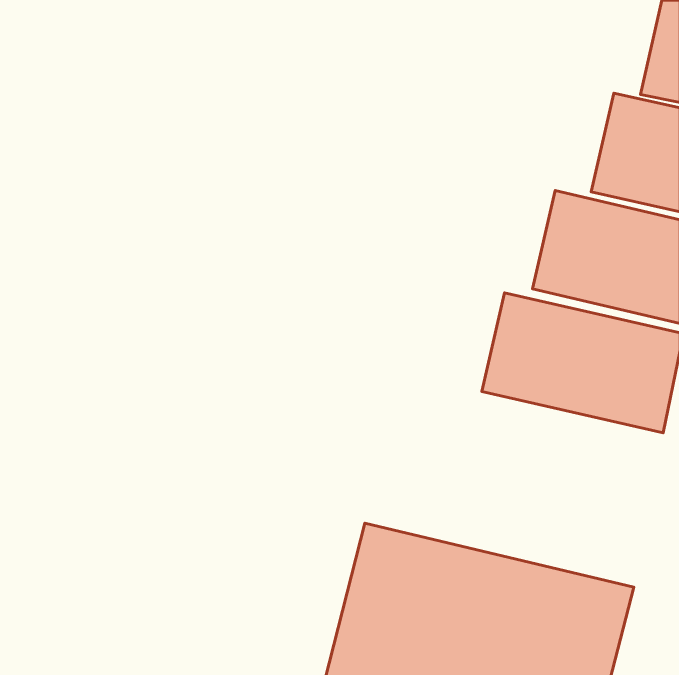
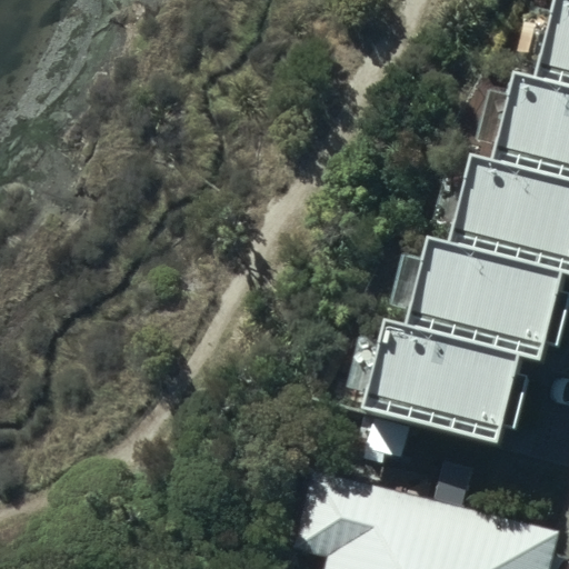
building: none -> [363,335,533,451]

